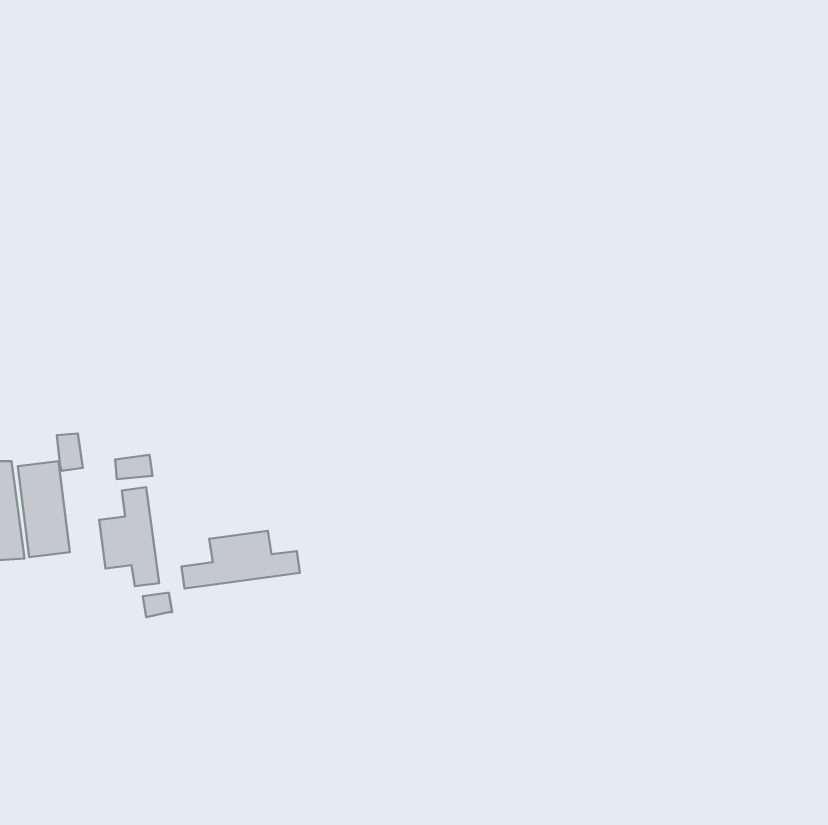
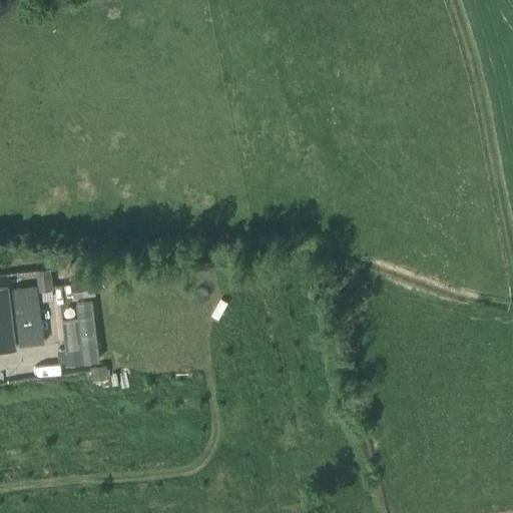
building: [182,531,300,588] -> none

